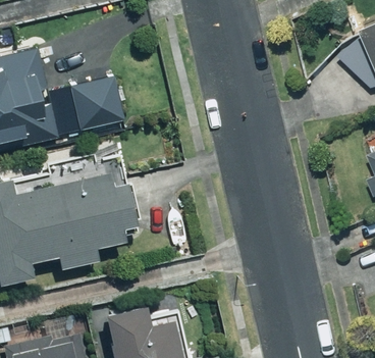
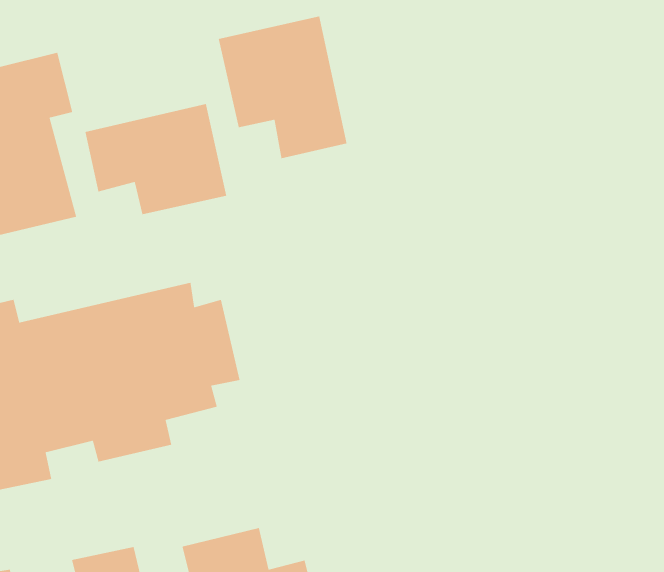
building: none -> [218,15,347,159]

